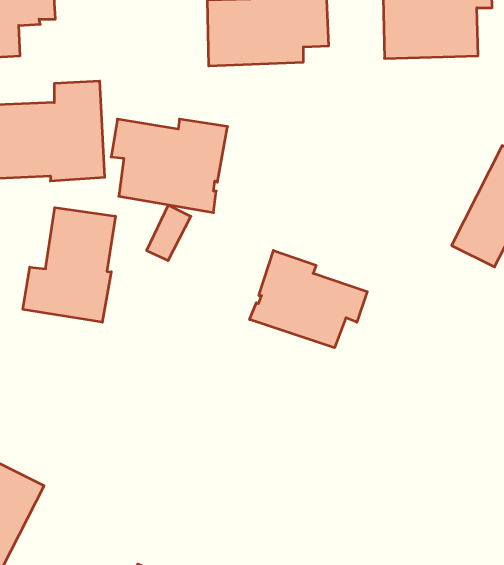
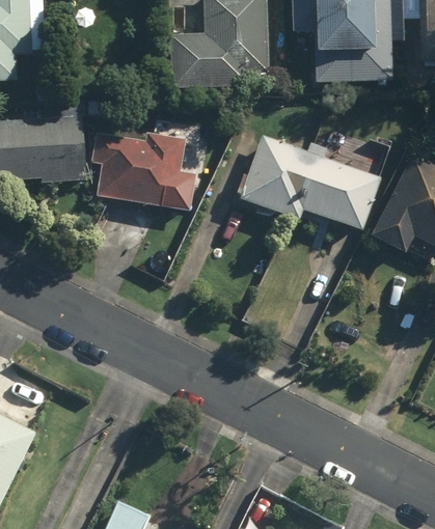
building: none -> [240,124,391,230]
building: [23,208,115,322] -> none
building: [250,250,367,348] -> none

